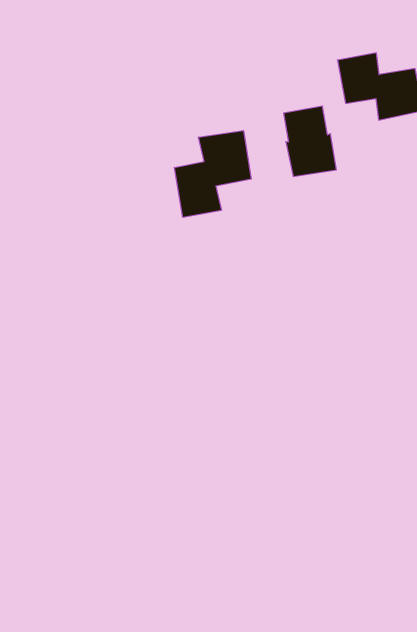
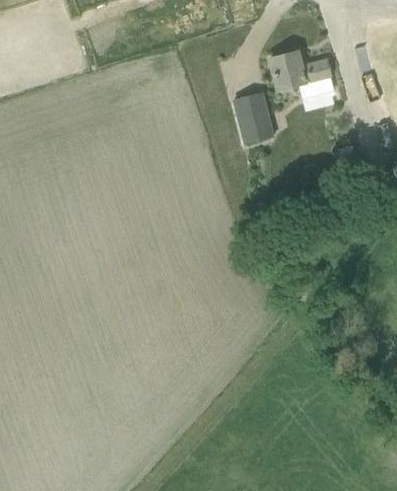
building: [174,131,251,217] -> none

